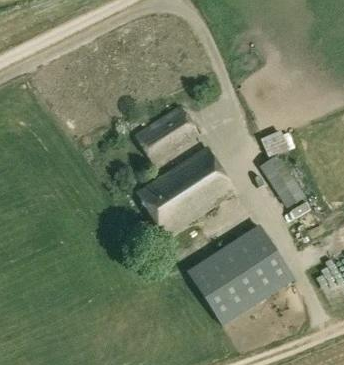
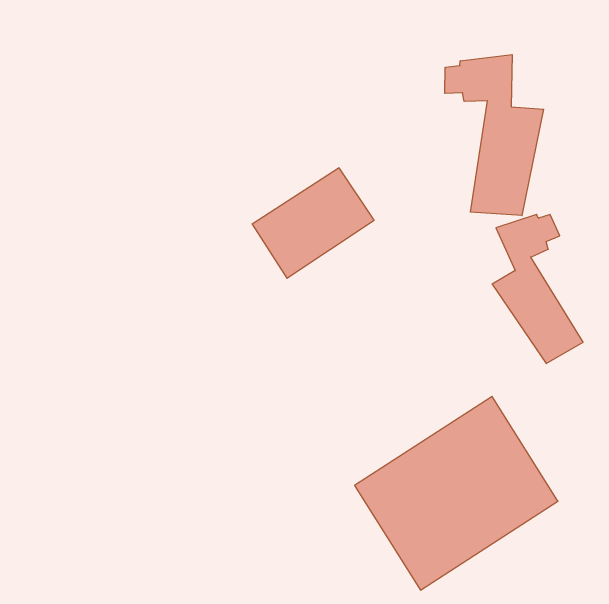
building: none -> [445,55,544,216]
building: [136,148,235,237] -> none

